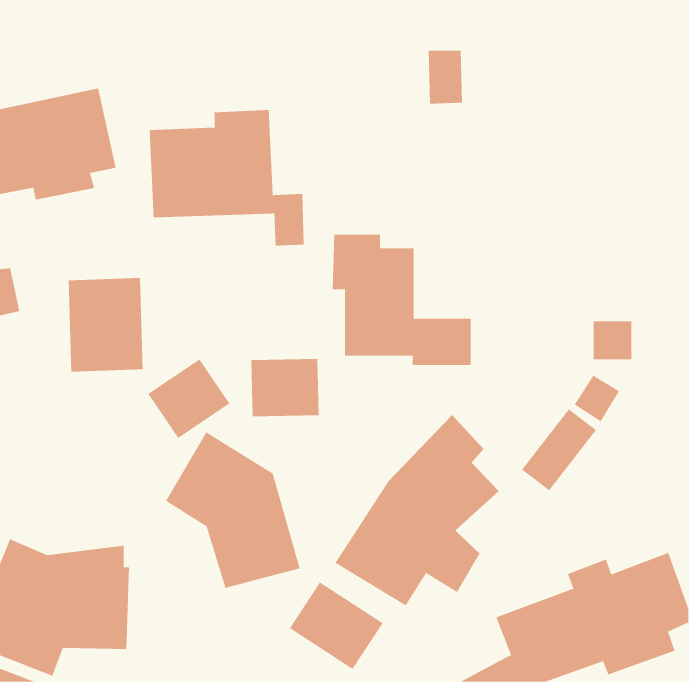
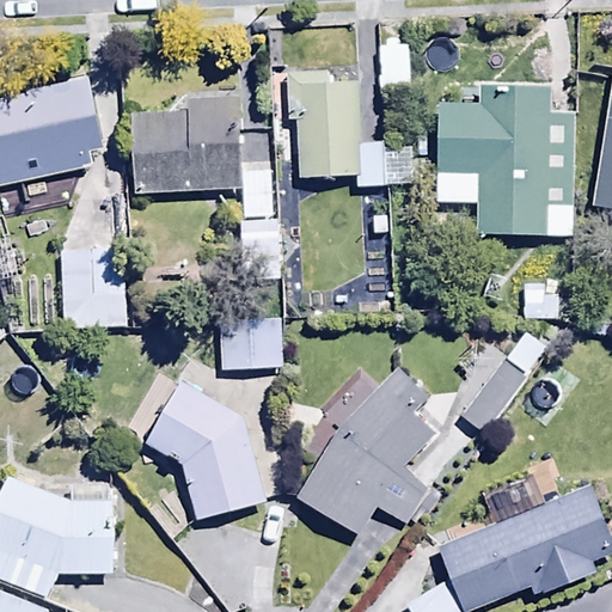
building: none -> [436,84,575,237]
building: [332,234,471,366] -> [287,71,410,186]
building: [148,359,230,439] -> none
building: [289,581,383,670] -> none

